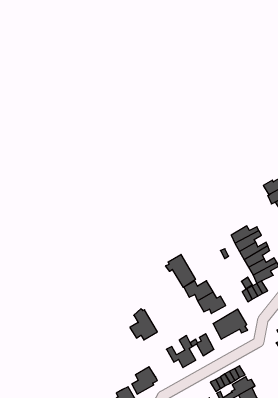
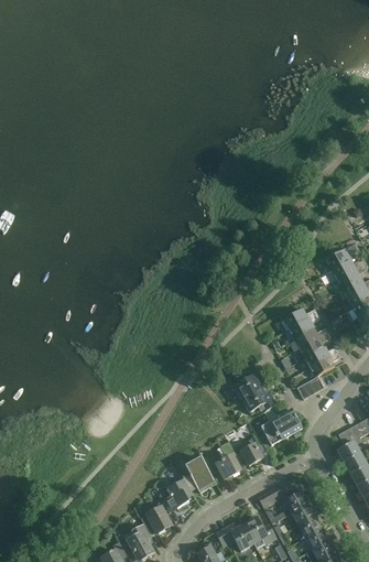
building: [166,254,195,287] -> none
building: [130,309,157,340] -> [184,455,217,493]

